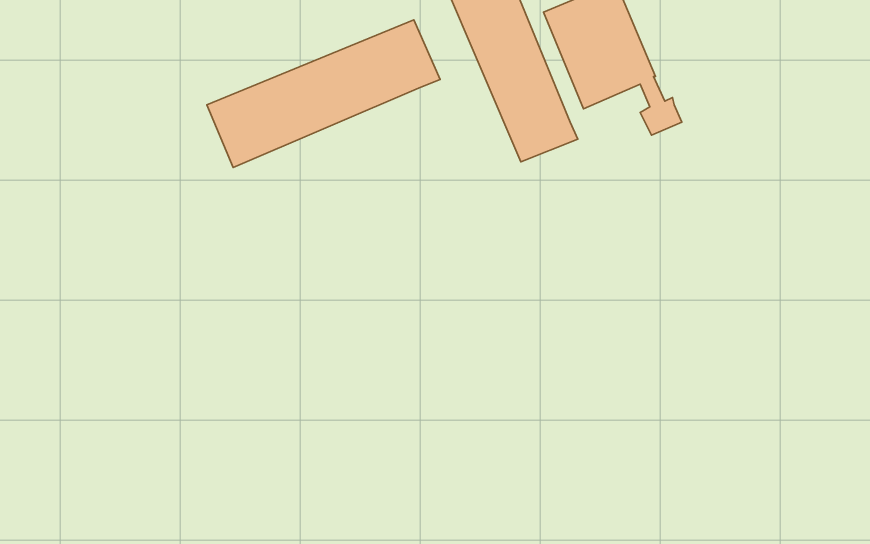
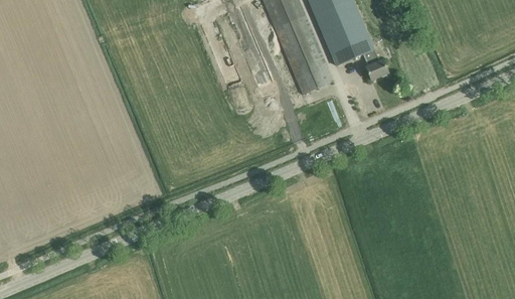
building: [207,20,440,168] -> none

